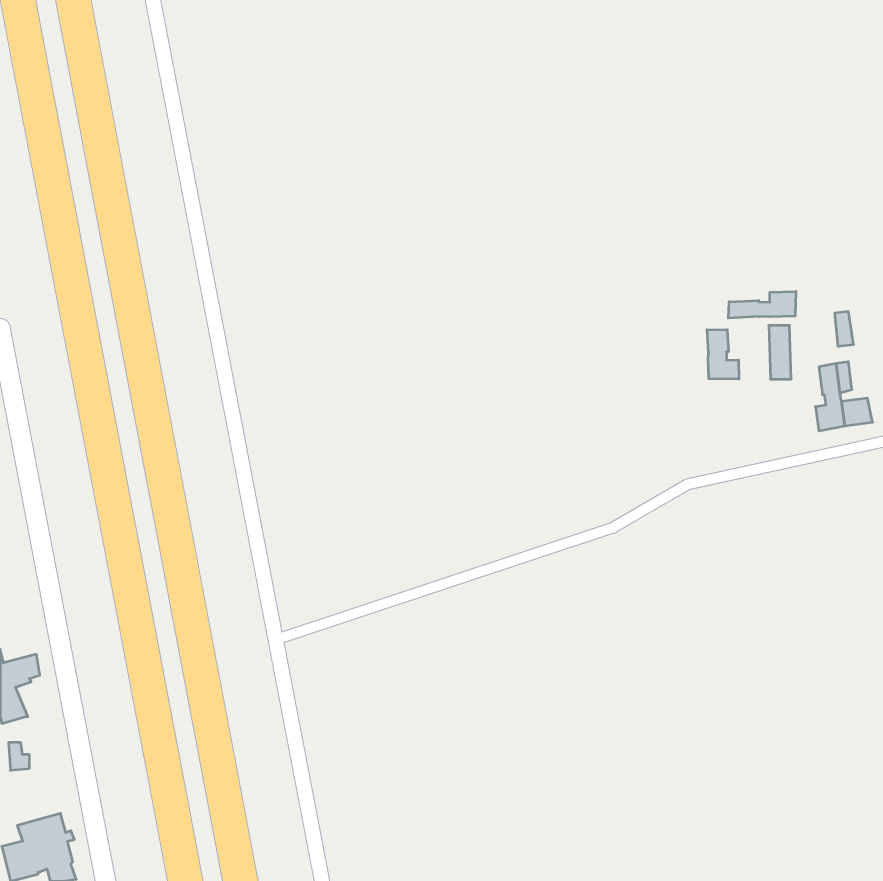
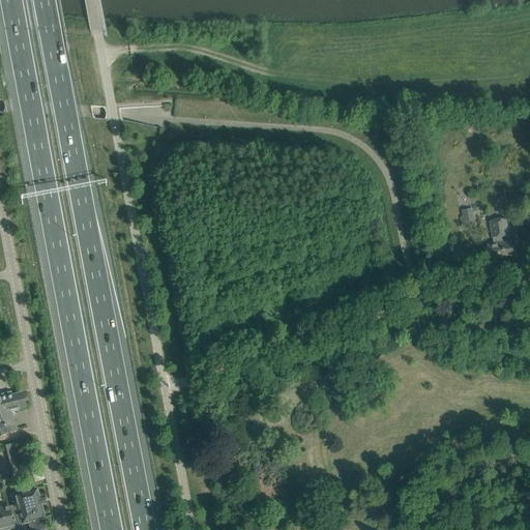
building: [728,291,796,318] -> none
building: [707,330,739,379] -> none

